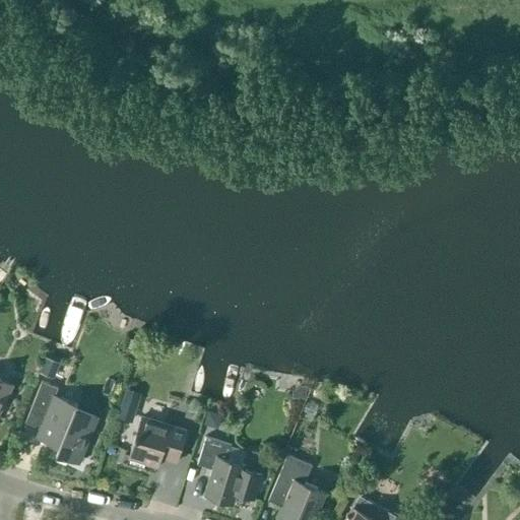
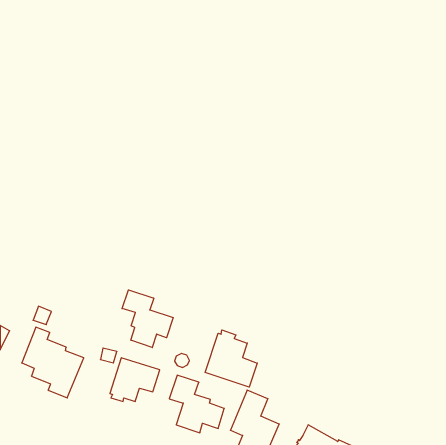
building: none -> [122,290,173,348]
building: none -> [205,330,257,387]

